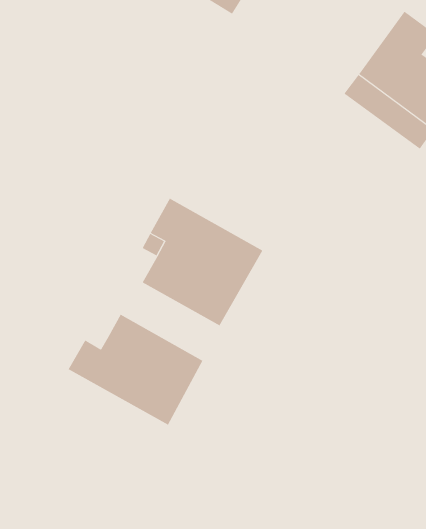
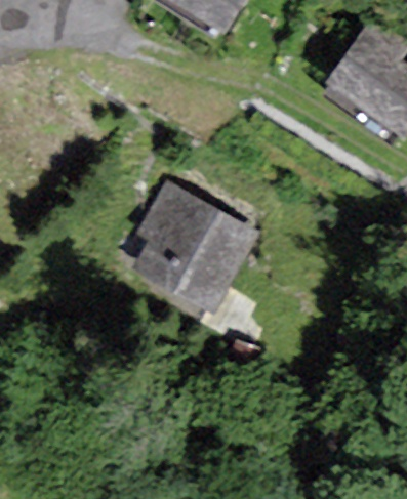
building: [68,314,203,426] -> none

